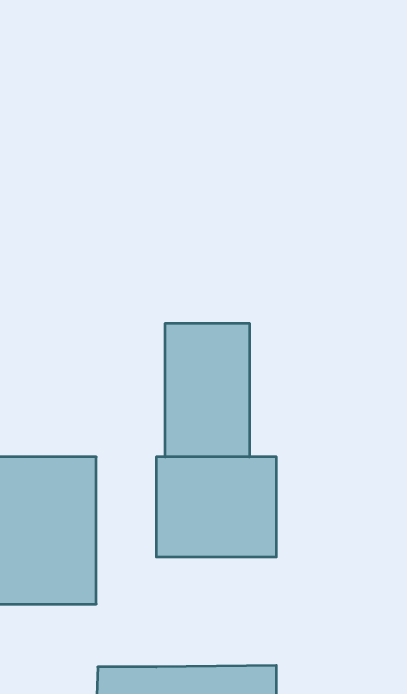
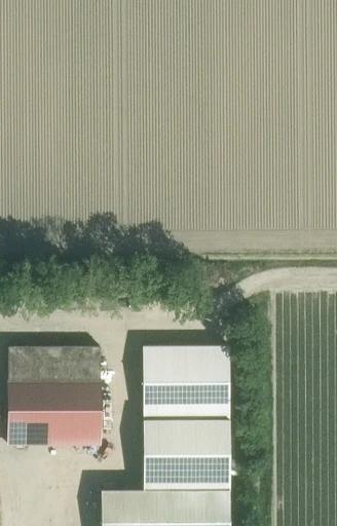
building: [165,323,249,457] -> none
building: none -> [143,416,229,495]

